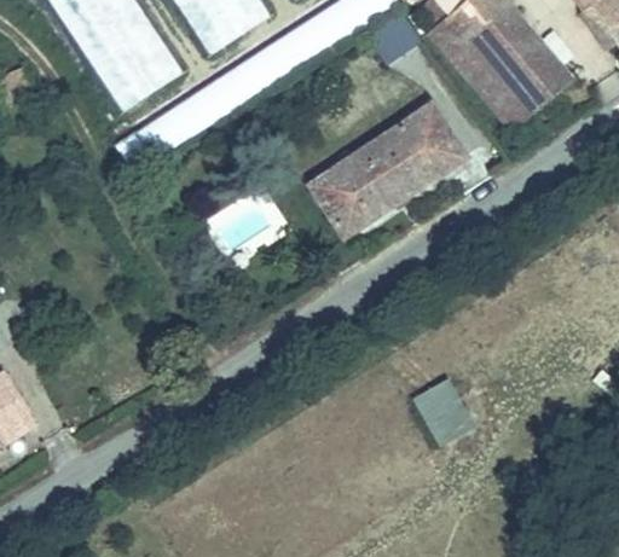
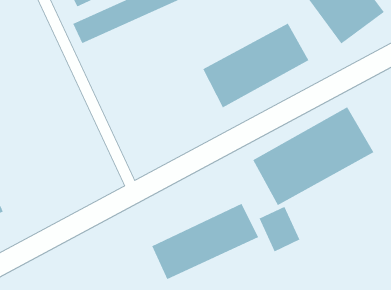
building: none -> [252,106,375,206]
building: none -> [151,203,259,280]

